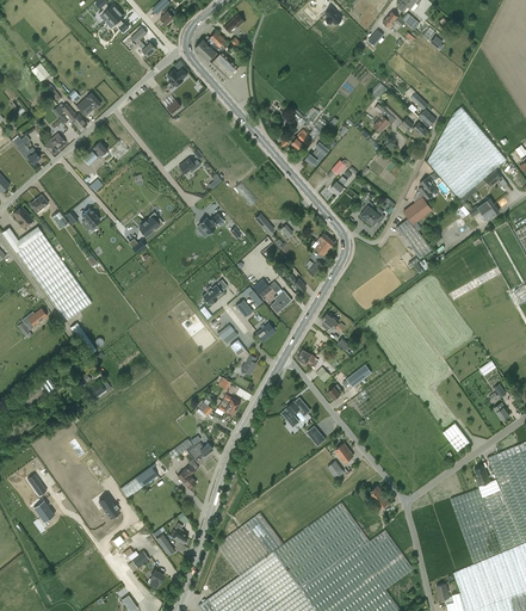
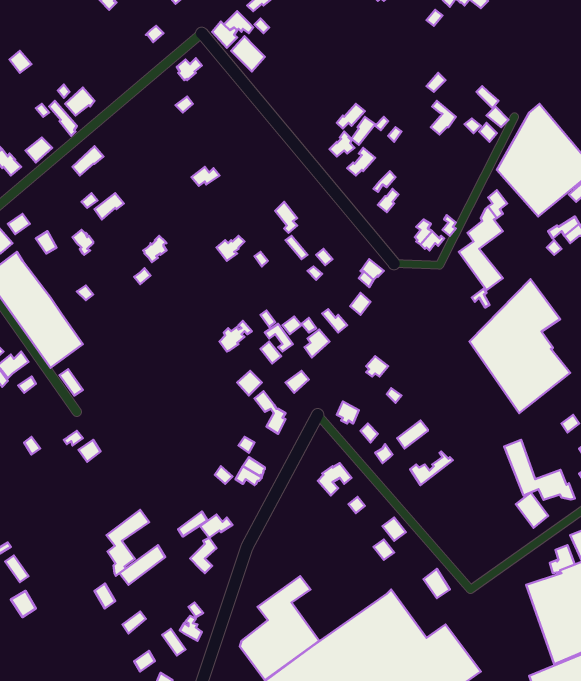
building: none -> [469,279,570,413]
building: none -> [504,440,575,500]
building: none -> [107,510,149,576]

